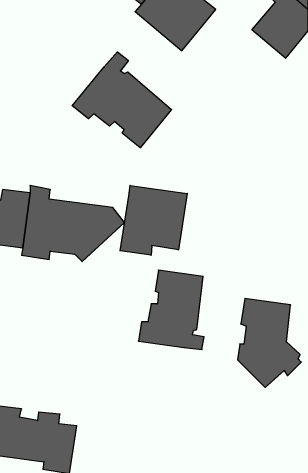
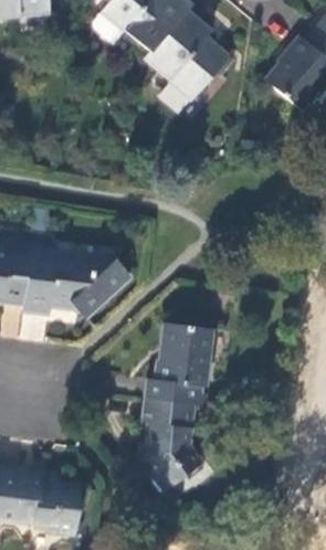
building: [72,52,172,148] -> none
building: [120,185,187,255] -> none
building: [238,298,301,387] -> [138,401,204,494]

